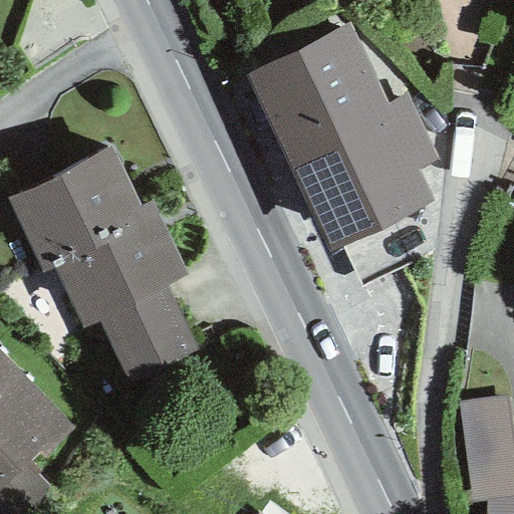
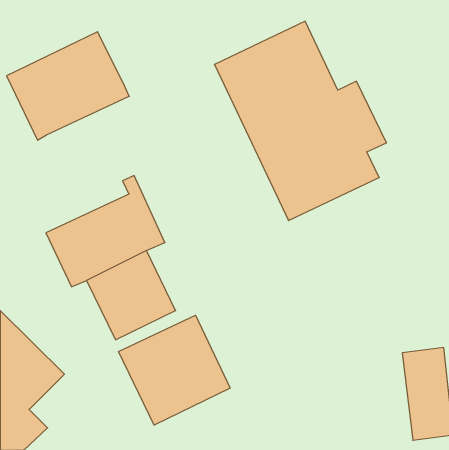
building: [9,148,149,271] -> [7,32,129,140]
building: none -> [118,315,230,425]

